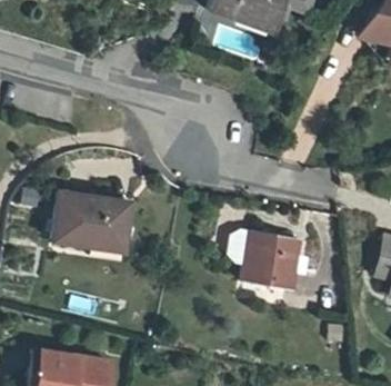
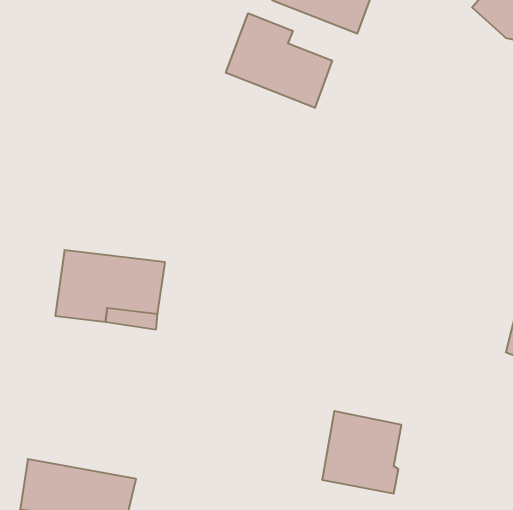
building: none -> [226,13,332,108]
building: [243,222,301,283] -> [322,411,401,494]

